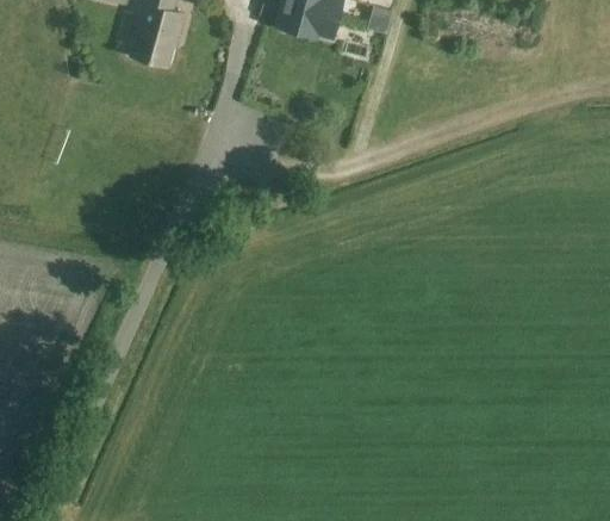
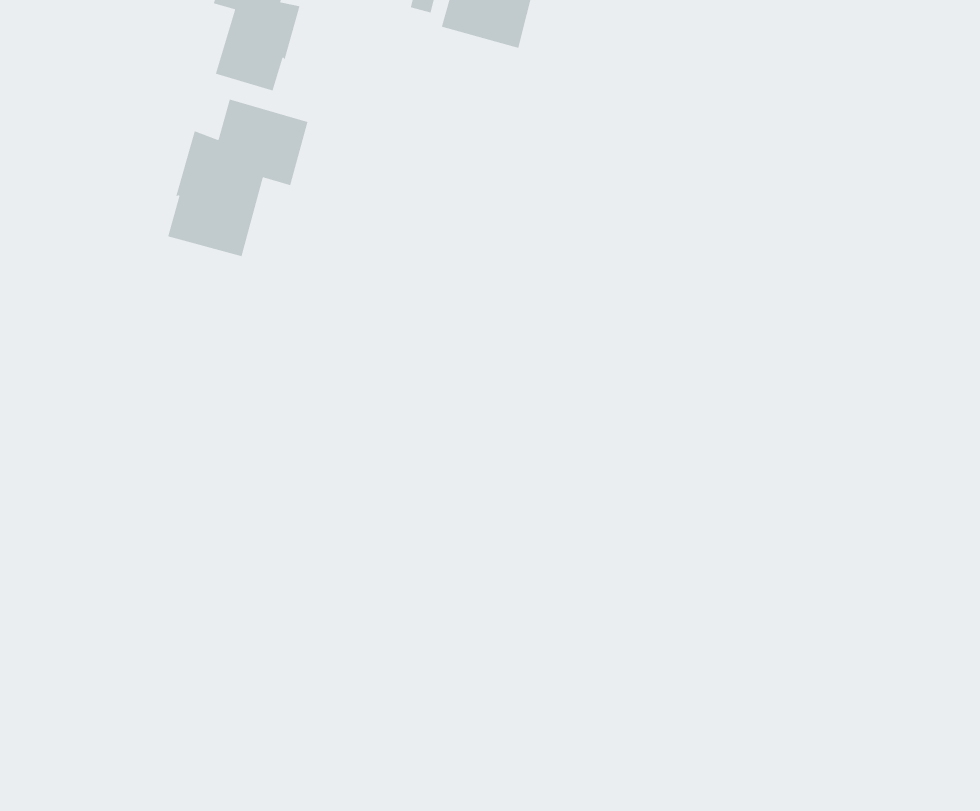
building: none -> [167,99,308,257]

